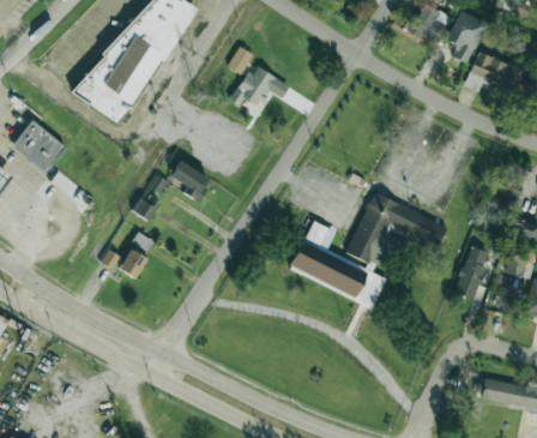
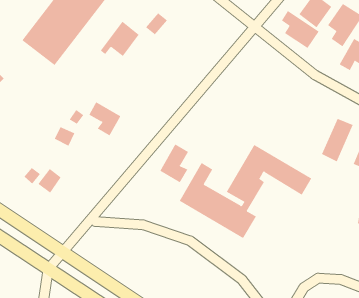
building: none -> [281,10,320,49]
building: [230,64,276,107] -> [100,21,140,57]
building: none -> [159,144,189,183]
building: [454,246,489,299] -> [321,118,353,162]

